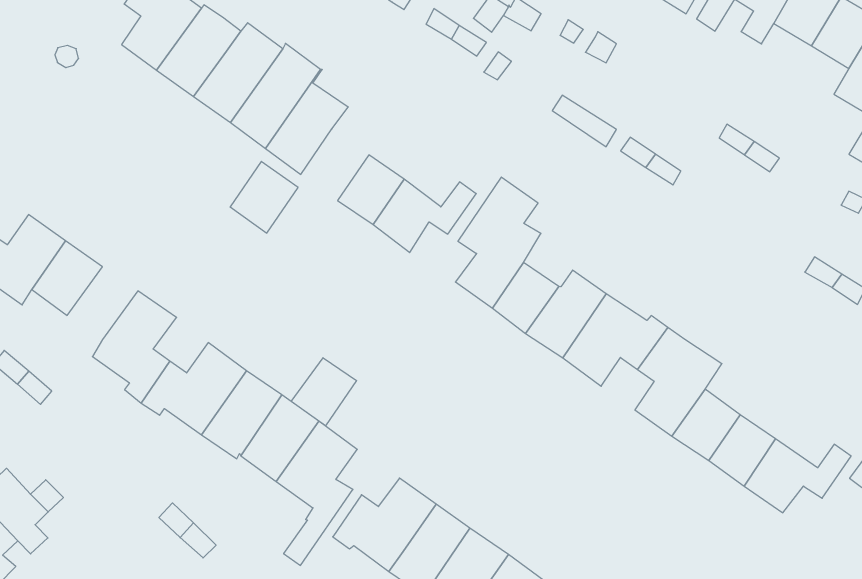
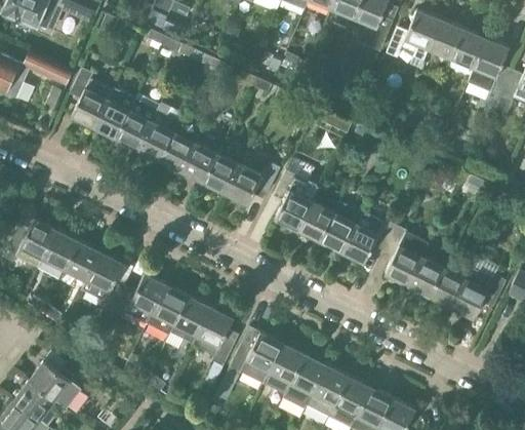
building: [230,161,298,233] -> [180,146,216,185]
building: none -> [64,241,100,281]
building: [291,358,357,426] -> none

